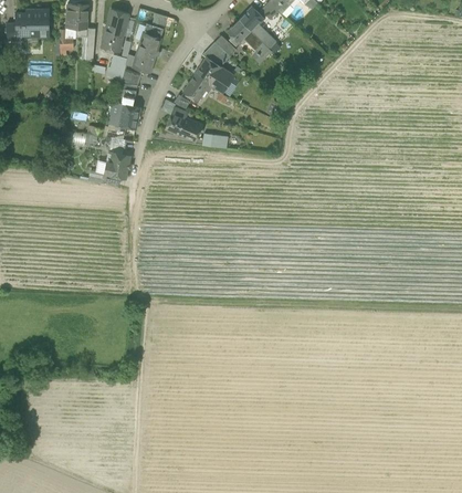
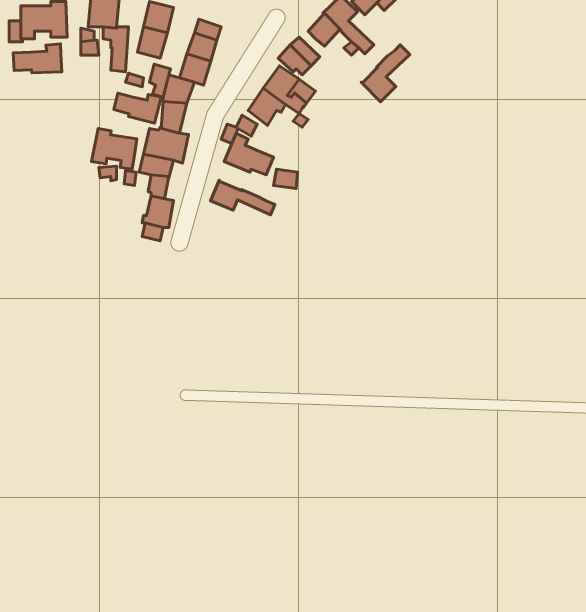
building: none -> [13,44,62,73]
building: none -> [361,45,410,102]
building: none -> [114,93,161,123]
building: none -> [92,129,137,169]
building: none -> [211,180,275,215]

